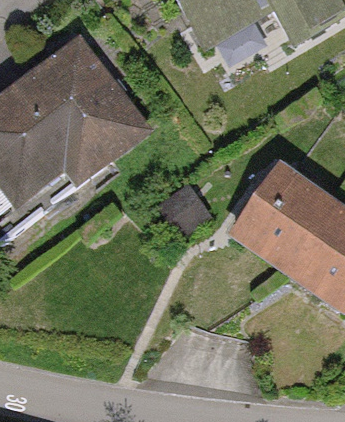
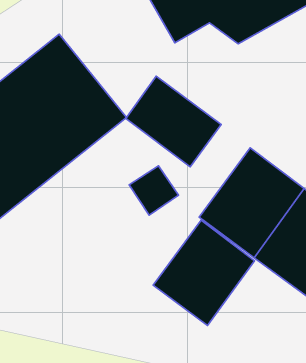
building: none -> [126,76,221,167]
building: none -> [153,220,255,325]

